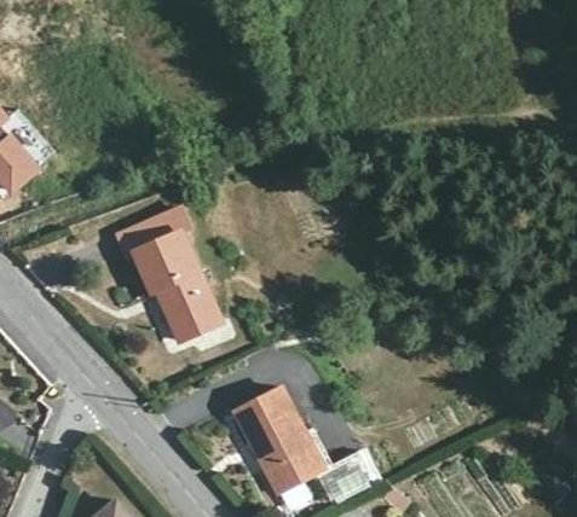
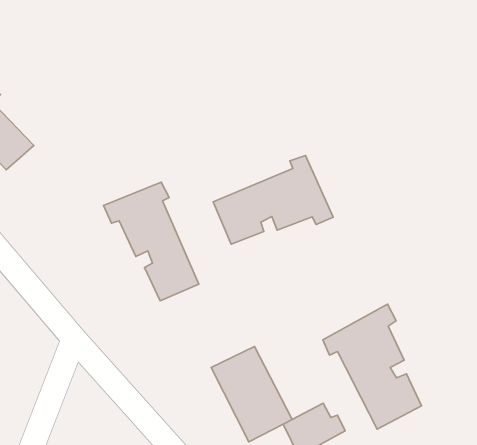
building: none -> [213,155,333,244]
building: none -> [323,304,422,429]

